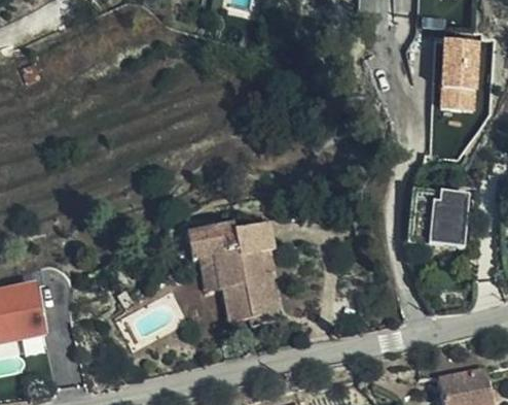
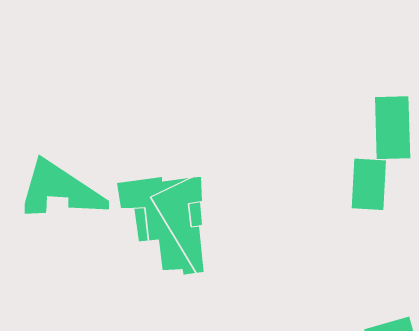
building: [439,42,479,111] -> [374,96,411,160]
building: none -> [24,153,110,214]

